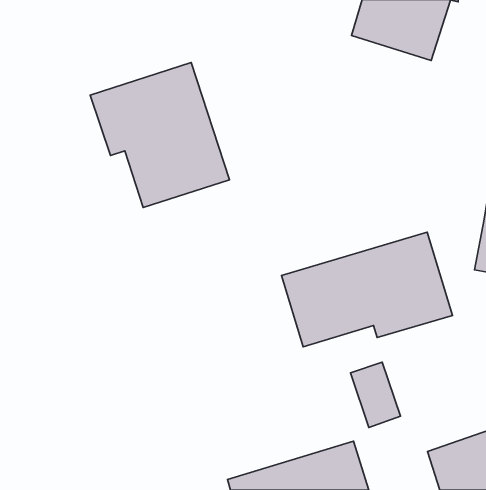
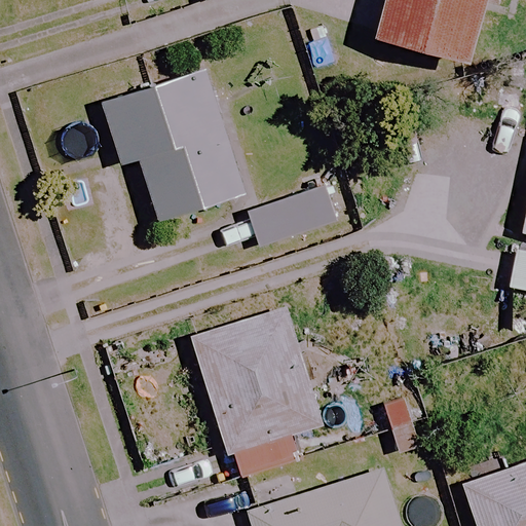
building: none -> [236,184,340,252]
building: [281,232,453,347] -> none
building: none -> [191,309,323,480]

